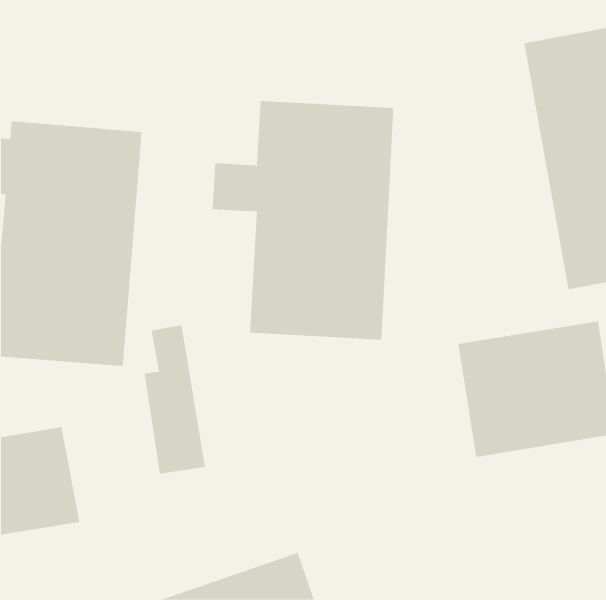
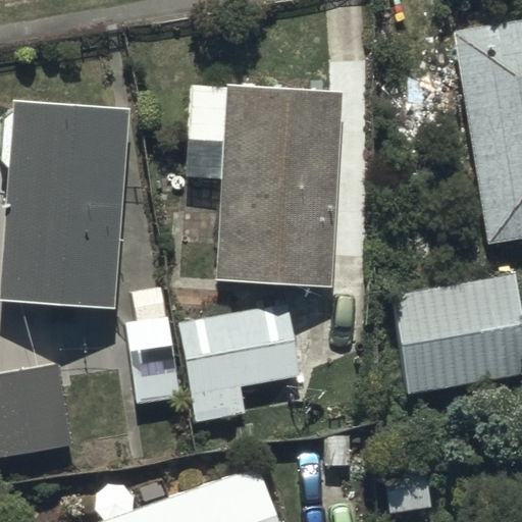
building: none -> [178,298,305,421]

